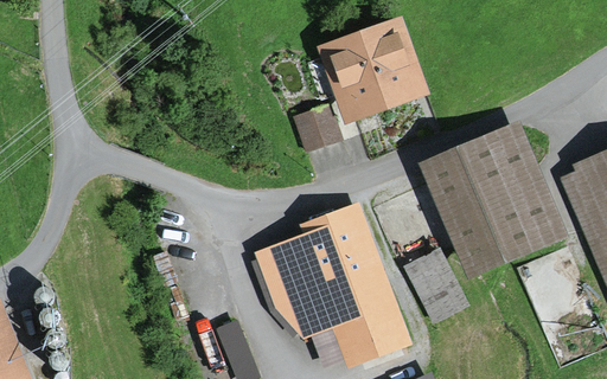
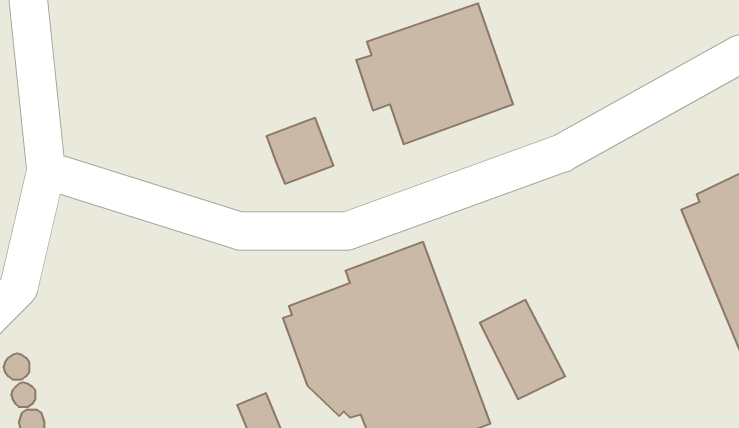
building: [292,101,344,152] -> [266,118,334,184]
building: [417,120,569,281] -> none

